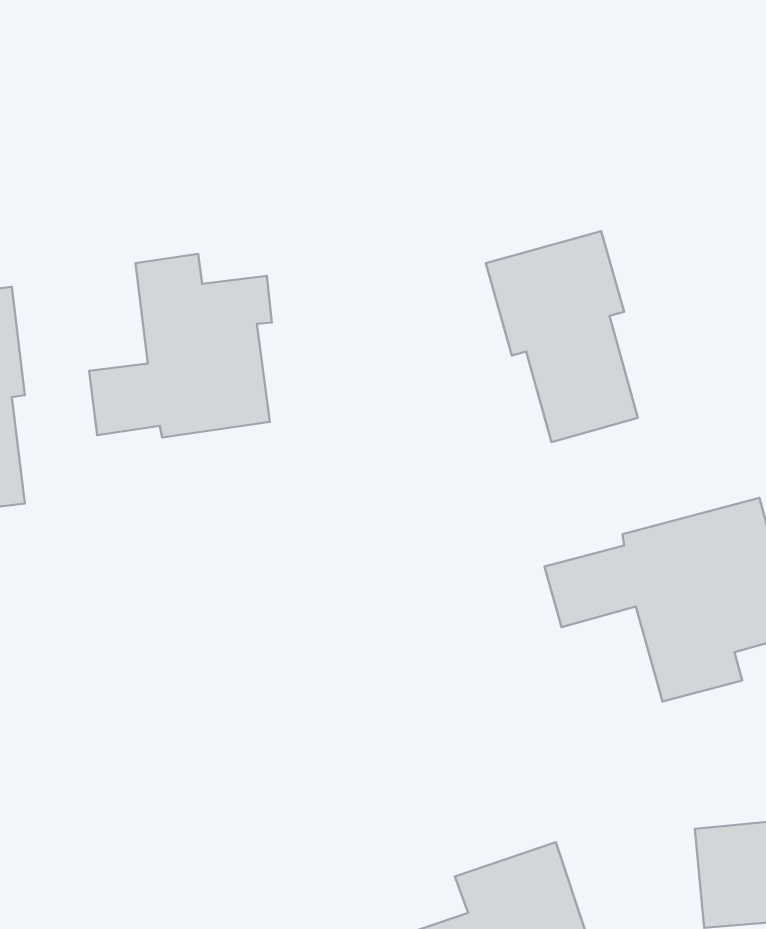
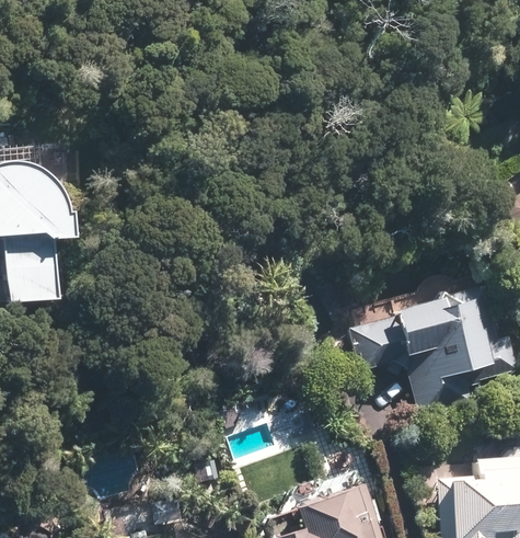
building: [486,231,638,442] -> none
building: [89,254,272,437] -> none

